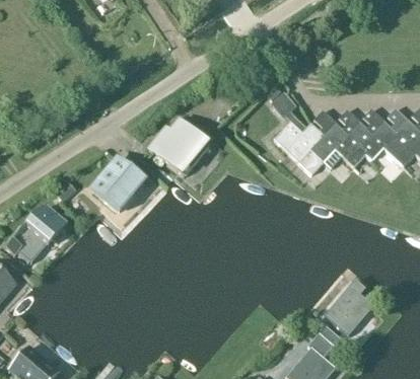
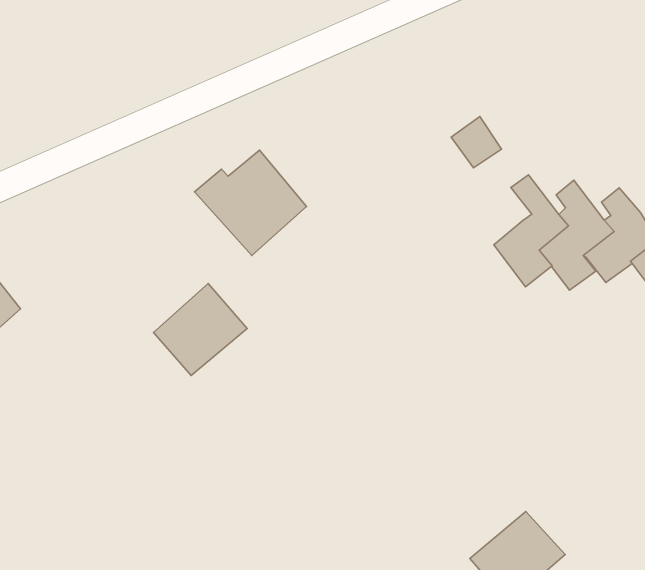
building: [274,121,324,174] -> none
building: [94,159,143,209] -> [154,283,247,376]

